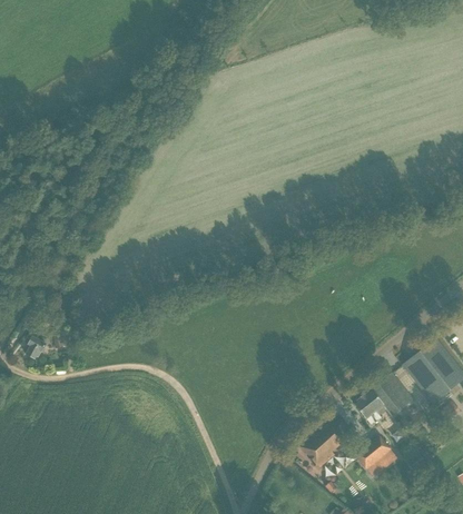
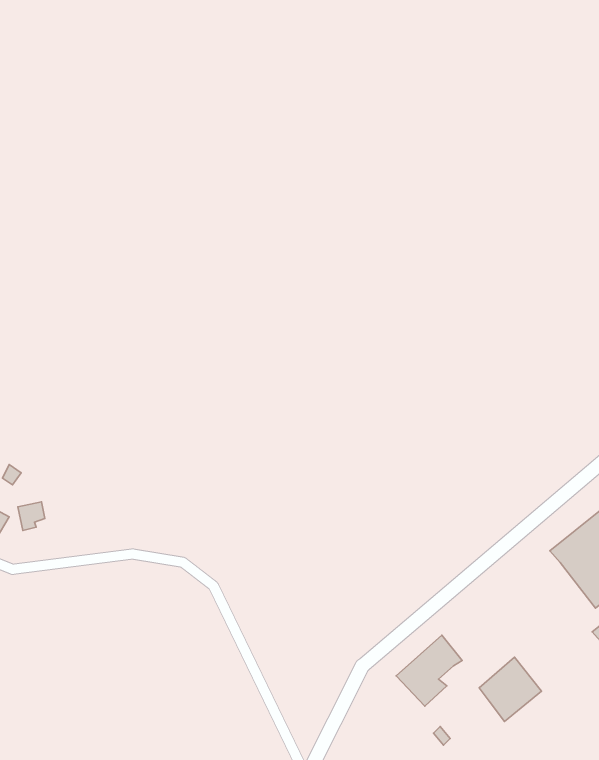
building: [354,376,413,428] -> none

